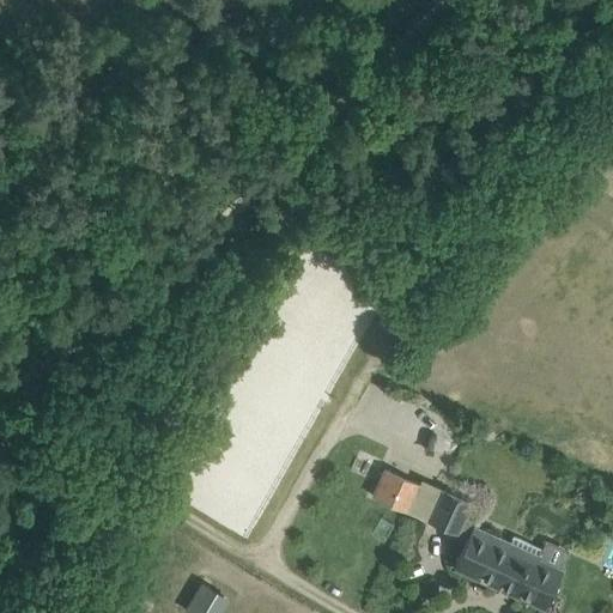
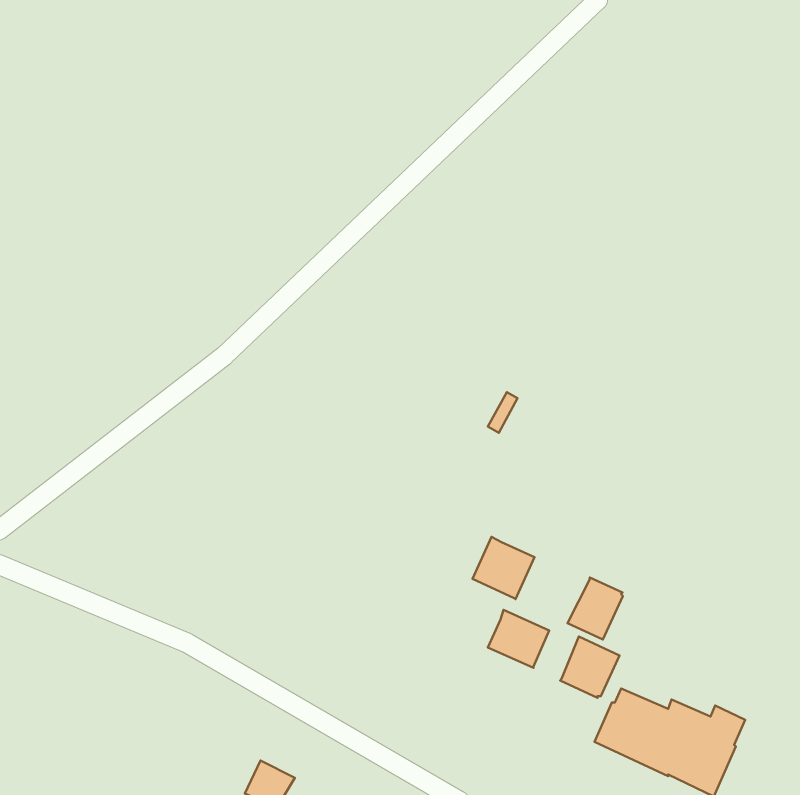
building: none -> [473,537,534,599]
building: none -> [568,578,623,639]

